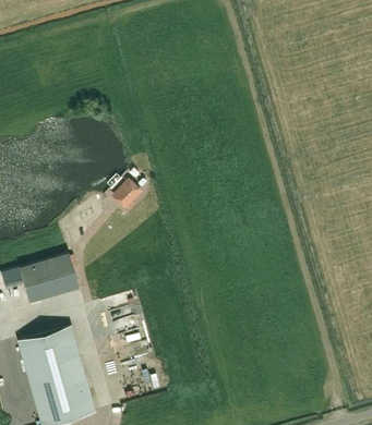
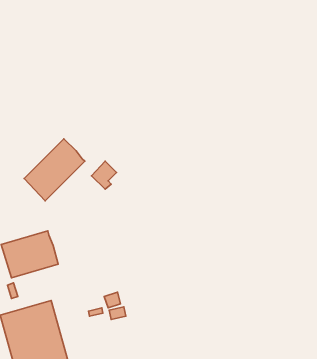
building: none -> [24,139,85,201]

